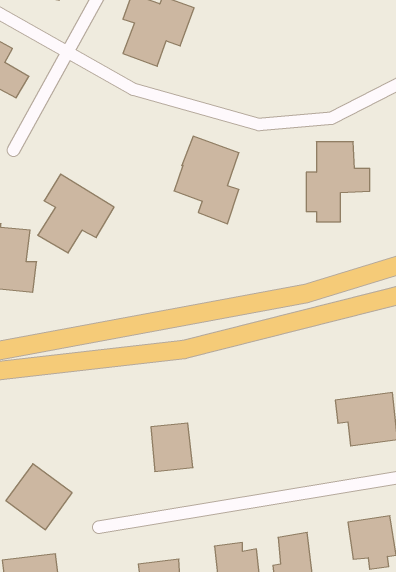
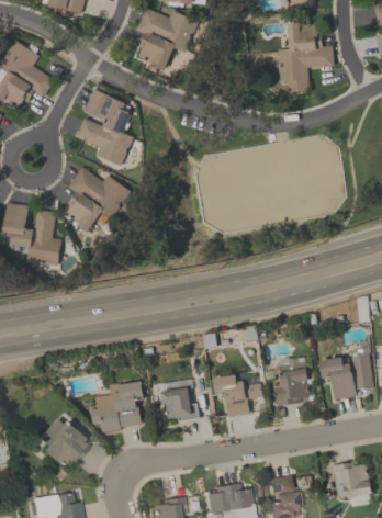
building: [174,136,239,224] -> [77,91,133,167]
building: [306,142,370,222] -> [280,23,335,92]
building: none -> [274,356,312,406]
building: none -> [214,373,263,417]
building: none -> [90,381,145,431]

